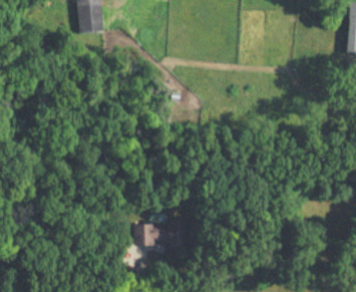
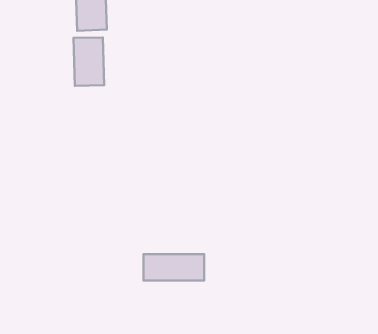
building: none -> [73,37,104,86]

